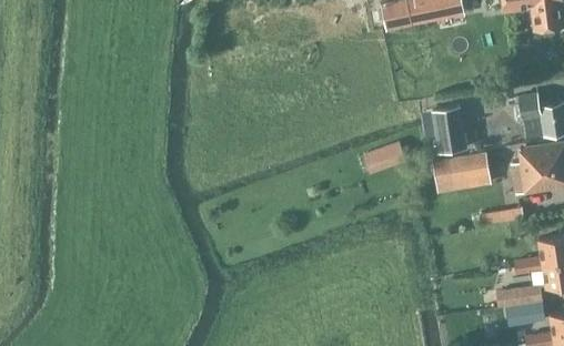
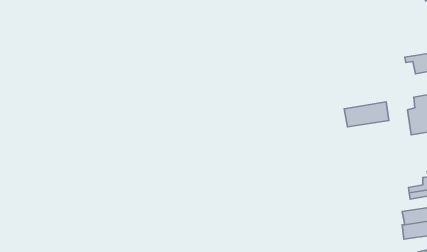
building: [432,108,467,154] -> none

